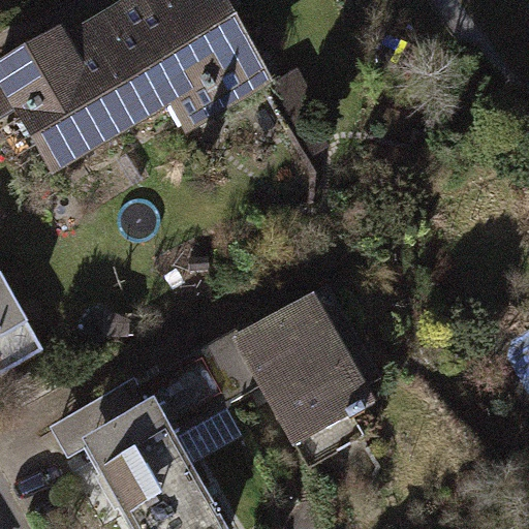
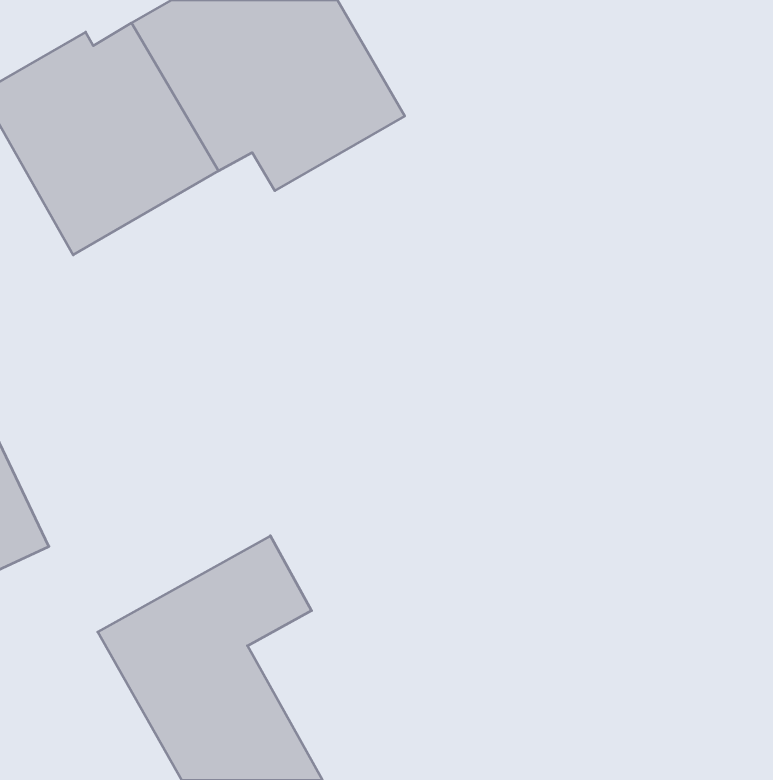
building: [183,283,391,450] -> none

